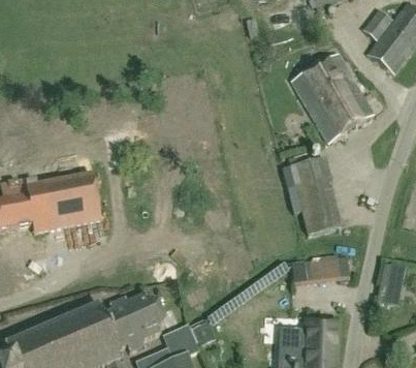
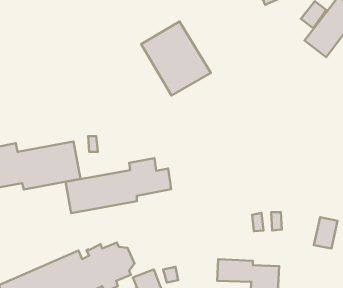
building: [291,53,374,141] -> [141,22,211,96]
building: [291,151,347,240] -> none
building: none -> [65,158,171,213]

